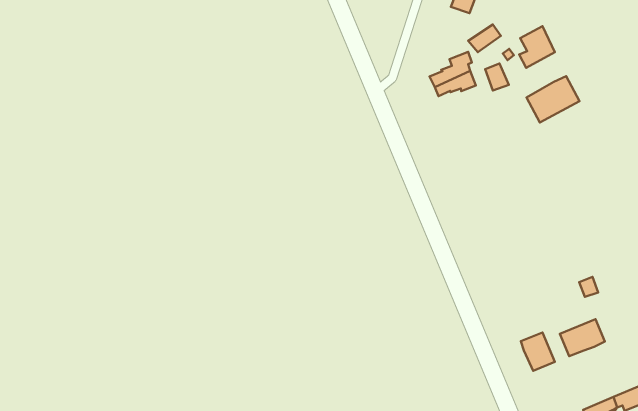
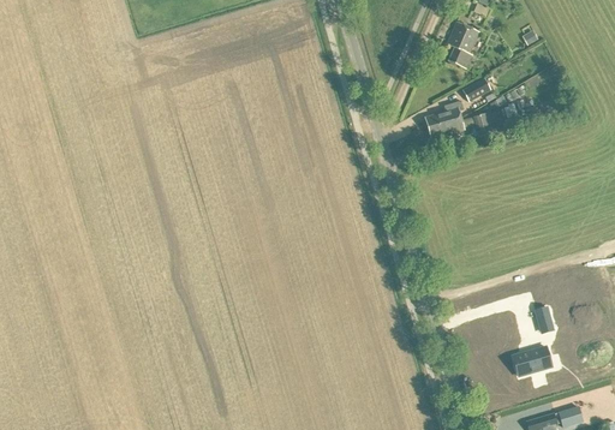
building: [526,76,580,122] -> none
building: [521,332,555,371] -> none

